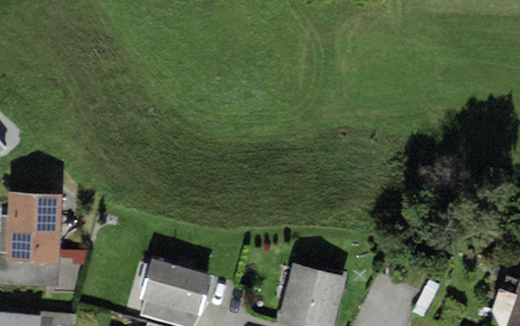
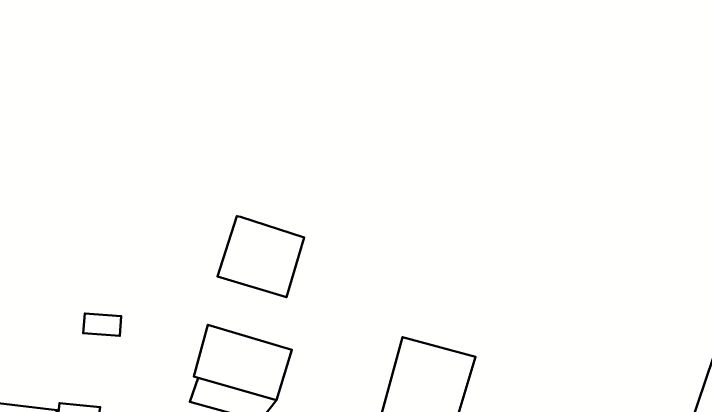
building: none -> [217,216,304,297]
building: [6,193,61,262] -> none

